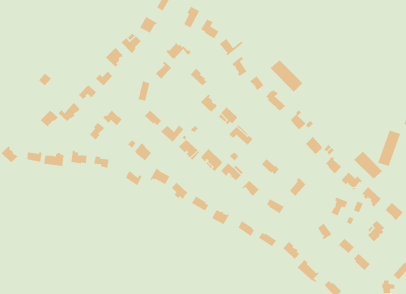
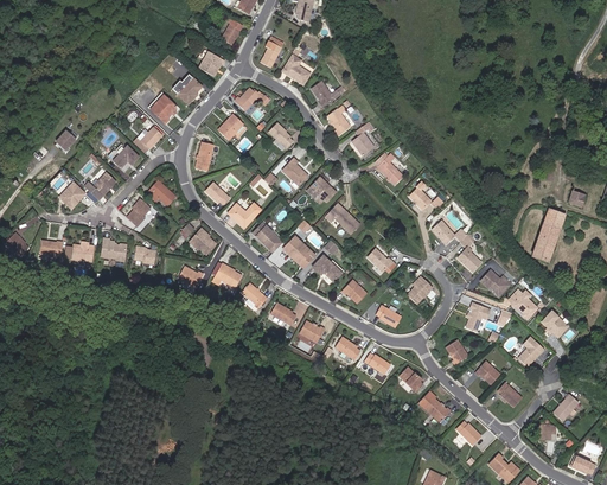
building: [270,60,303,92] -> none
building: [354,151,383,180] -> none

